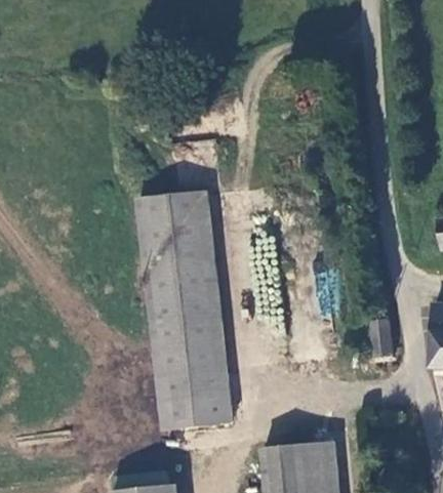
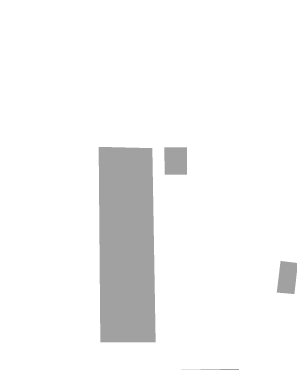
building: none -> [164,147,188,176]

